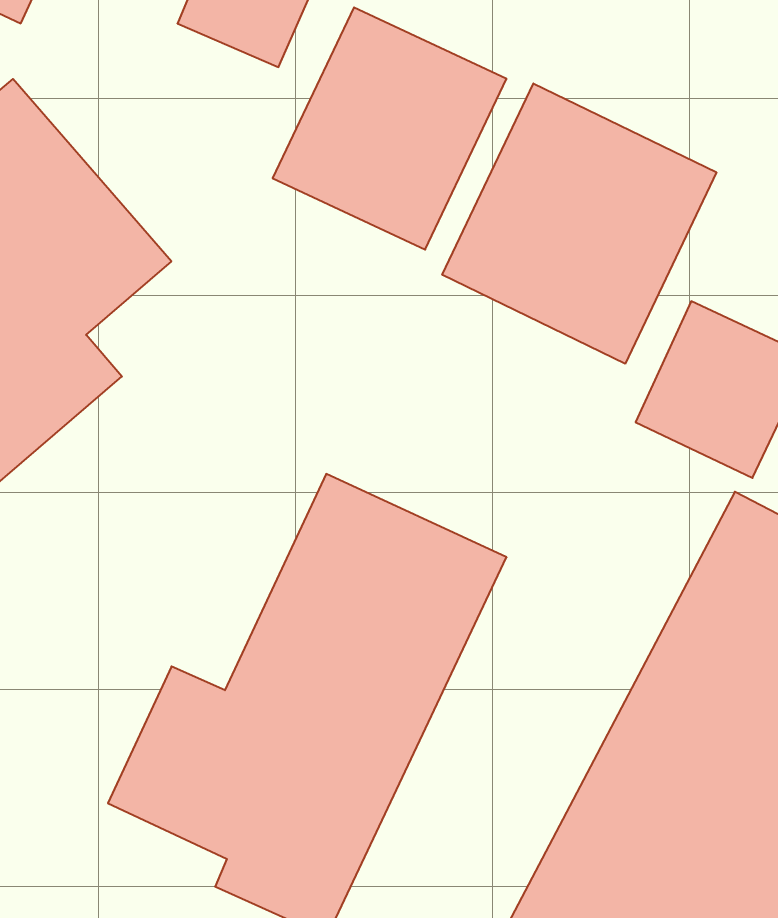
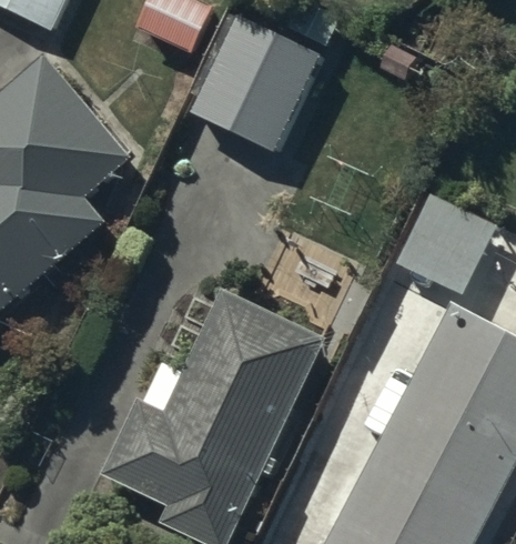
building: [442,83,716,364] -> none

